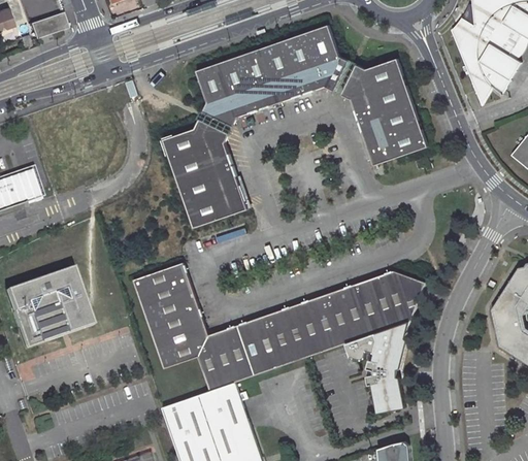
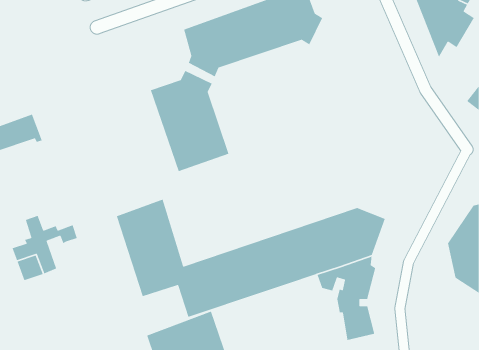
building: [345,59,434,167] -> none
building: [43,265,81,293] -> none
building: [7,282,35,312] -> none
building: [54,300,96,335] -> none

